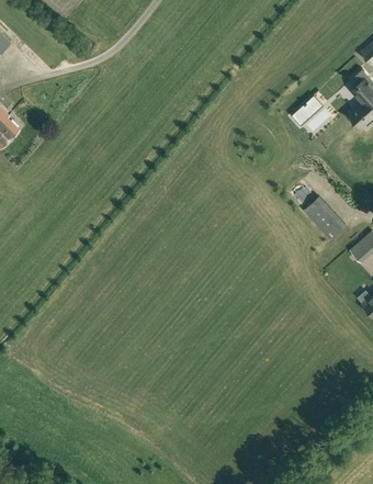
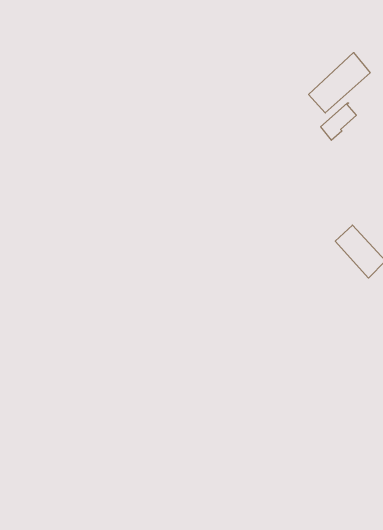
building: none -> [309,53,370,113]

